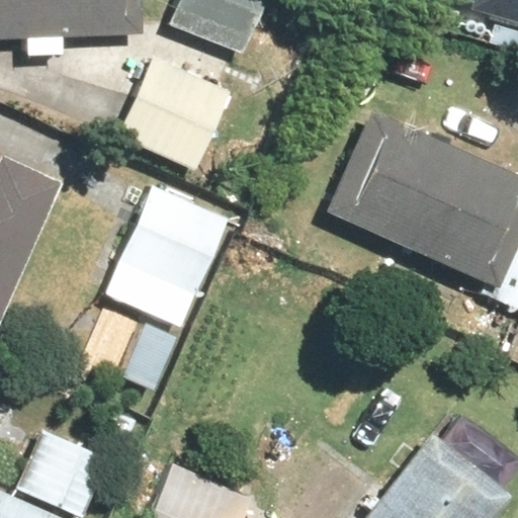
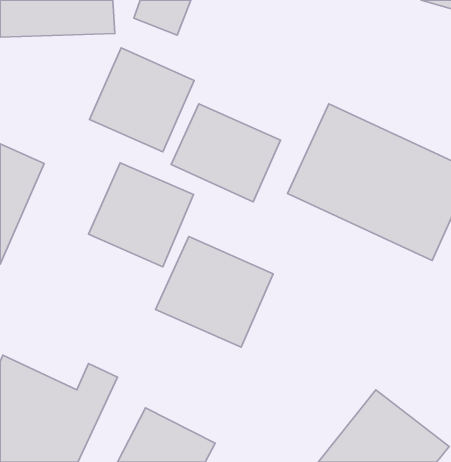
building: none -> [171,104,281,202]
building: none -> [155,236,273,347]

